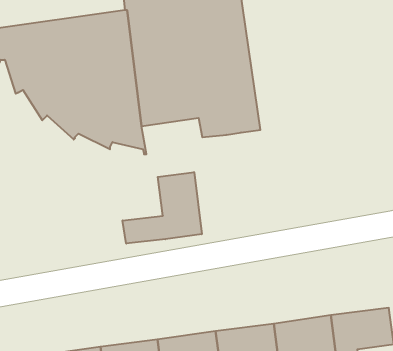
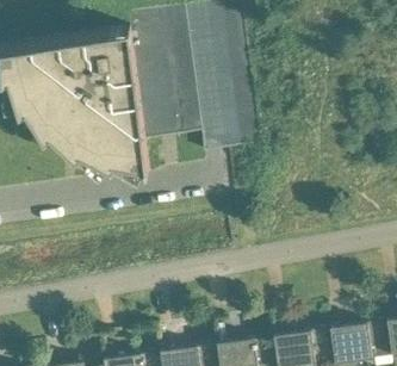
building: [123,172,202,244] -> none

